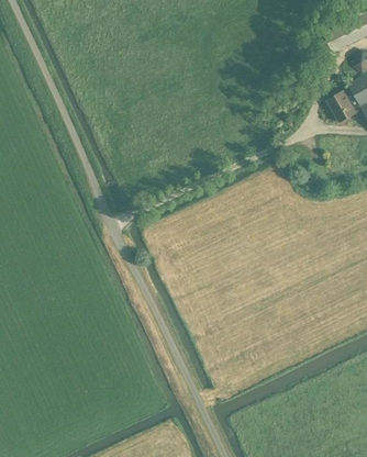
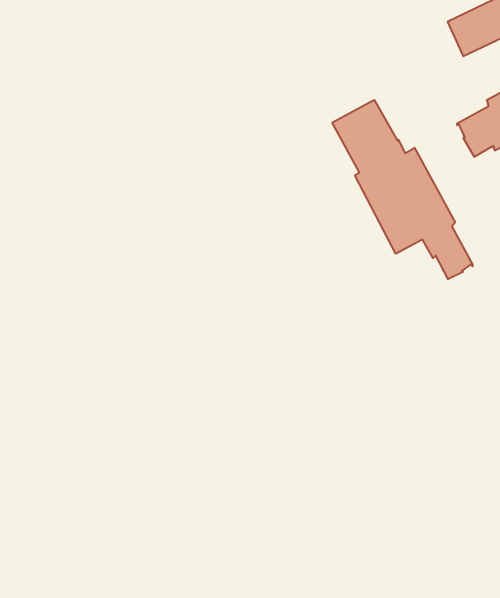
building: none -> [332,100,473,279]

